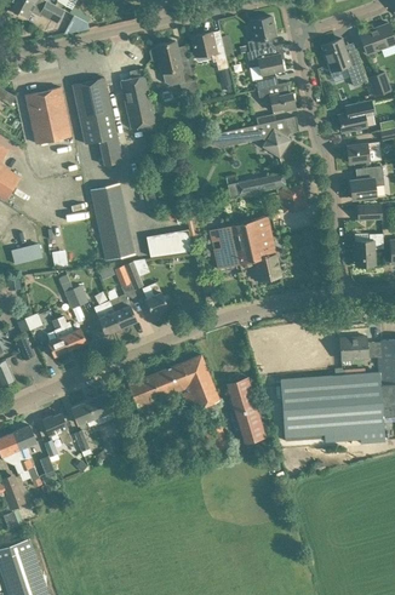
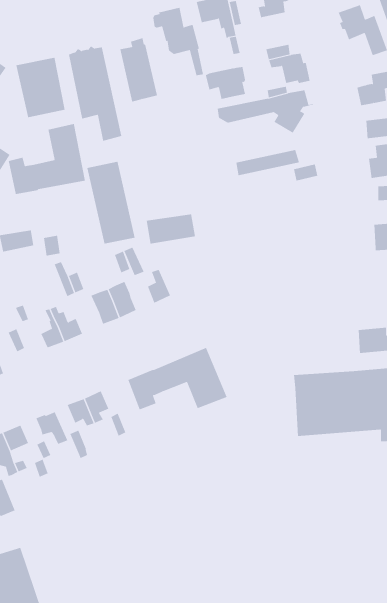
building: [246,45,284,75] -> [205,67,246,99]
building: none -> [8,123,85,195]
building: [208,216,280,280] -> none
building: [227,377,265,441] -> none

